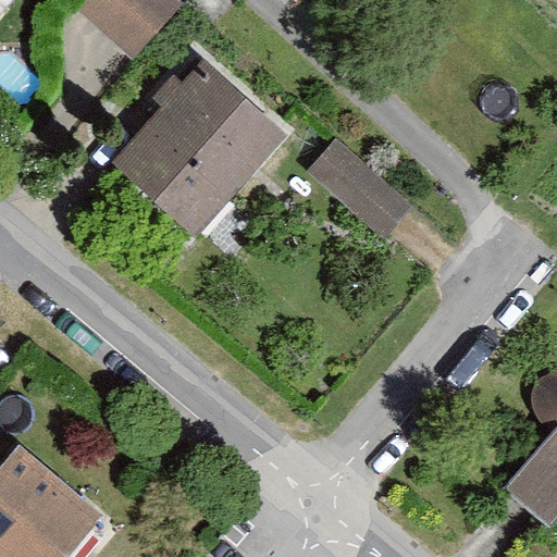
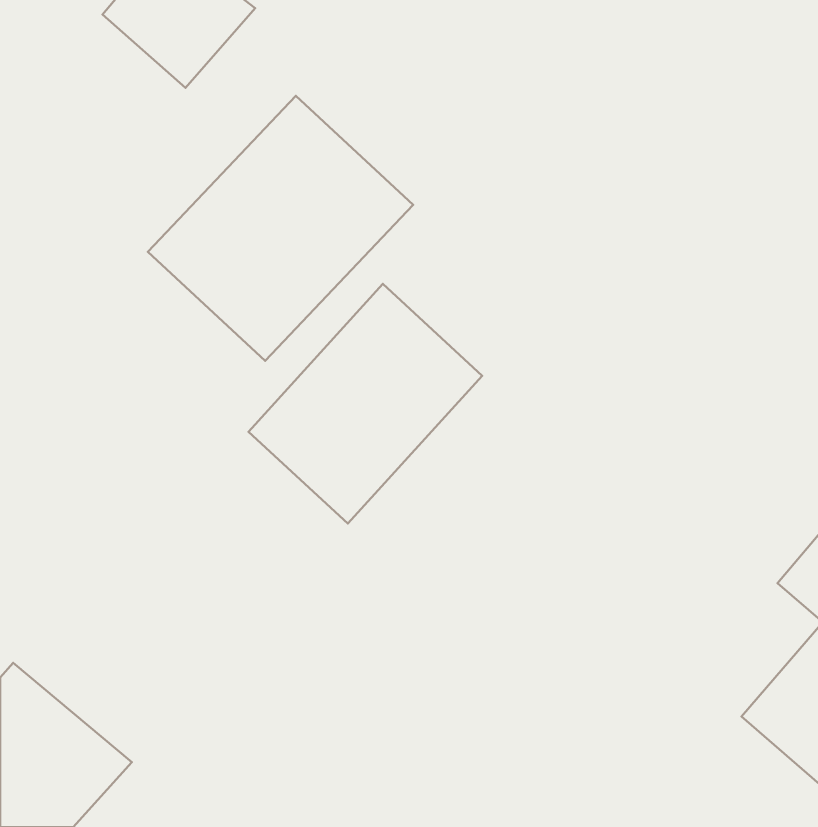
building: [310,141,411,238] -> none
building: none -> [248,284,482,524]

